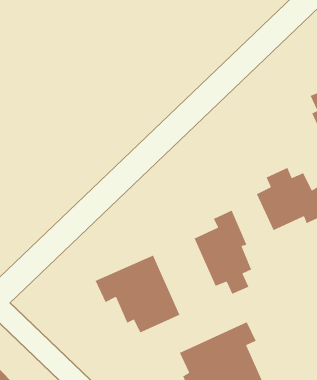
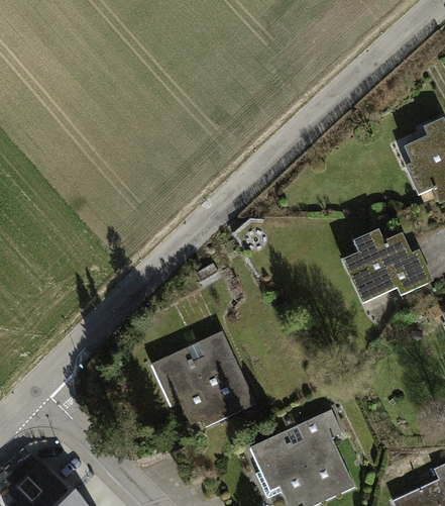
building: [193,209,252,295] -> none

